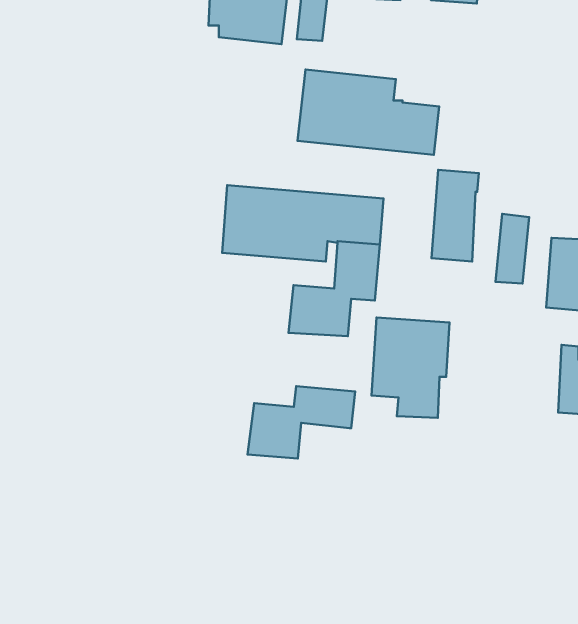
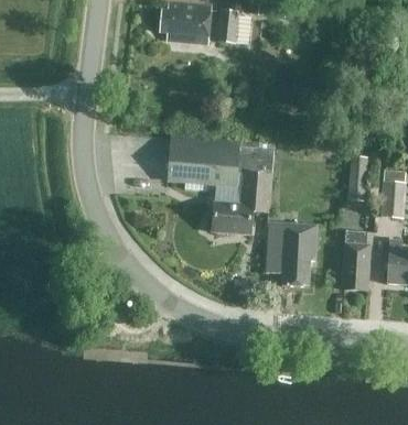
building: [298,69,439,155] -> none
building: [431,170,479,261] -> [341,230,372,290]
building: [247,386,355,458] -> none

